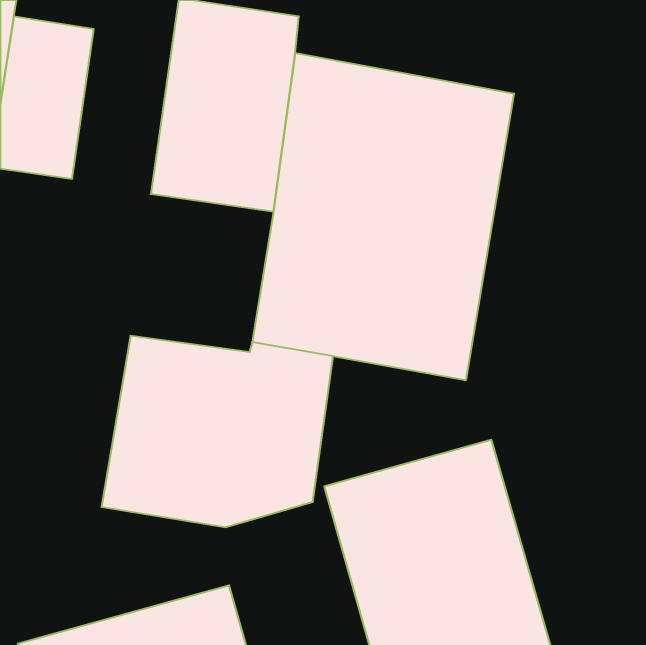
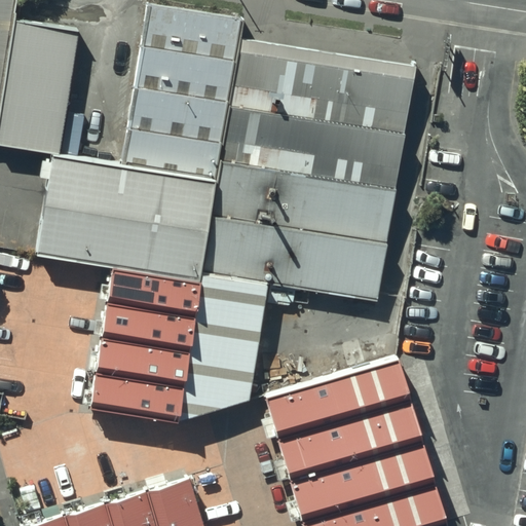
building: none -> [34,149,223,288]

